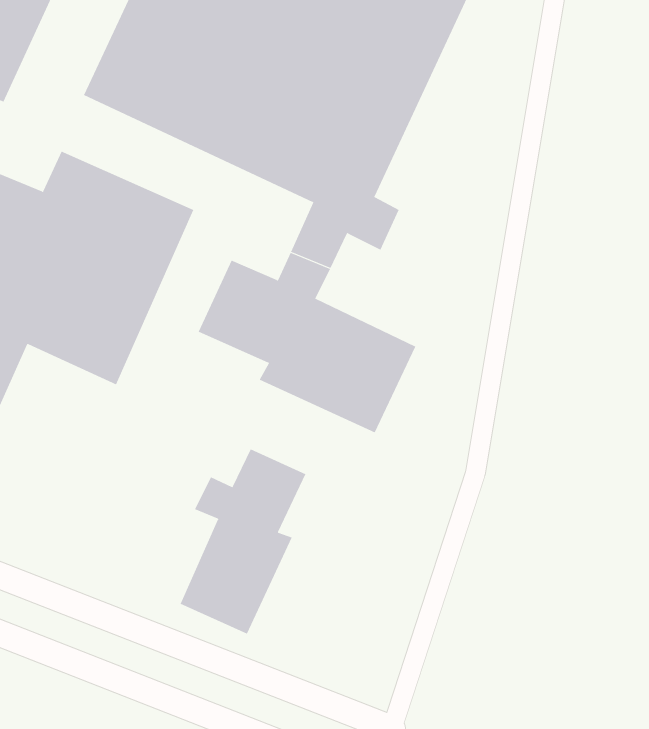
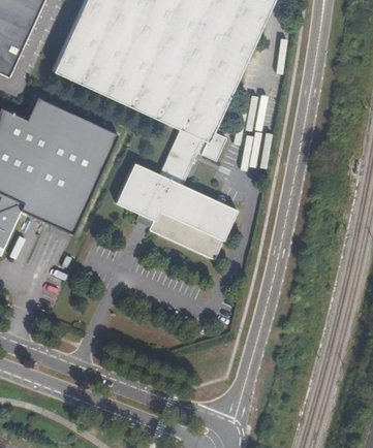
building: [180,448,306,635] -> none

